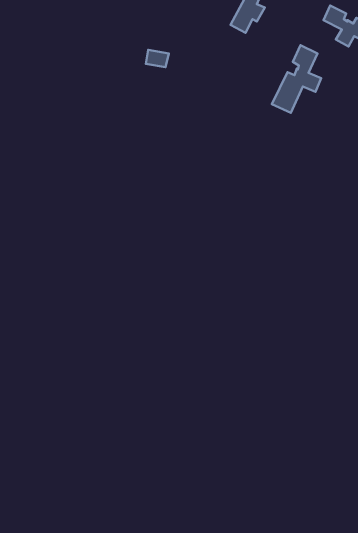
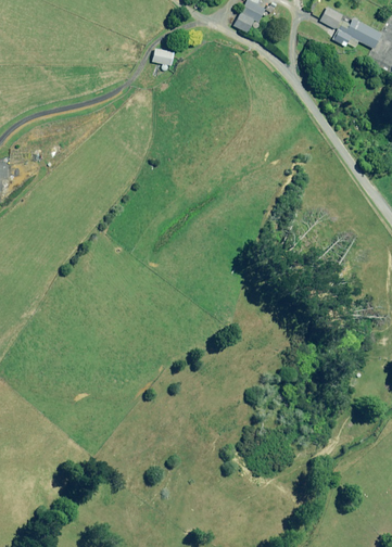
building: [272,45,321,113] -> none

